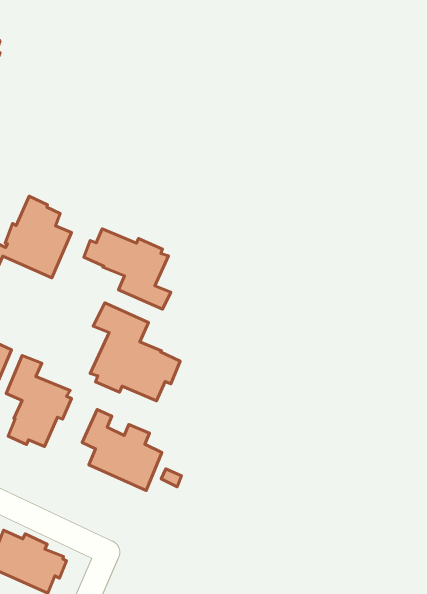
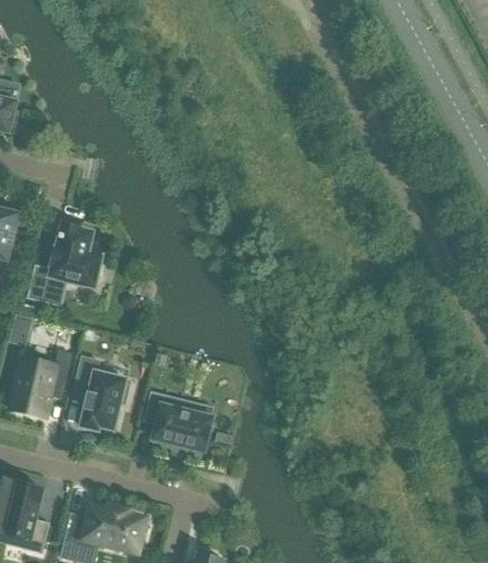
building: [84,229,171,309] -> none
building: [90,303,180,401] -> none

